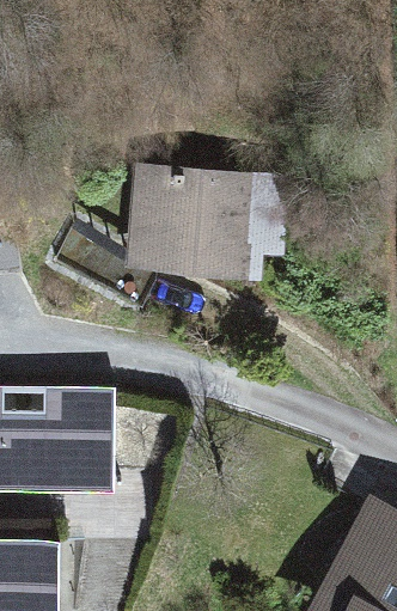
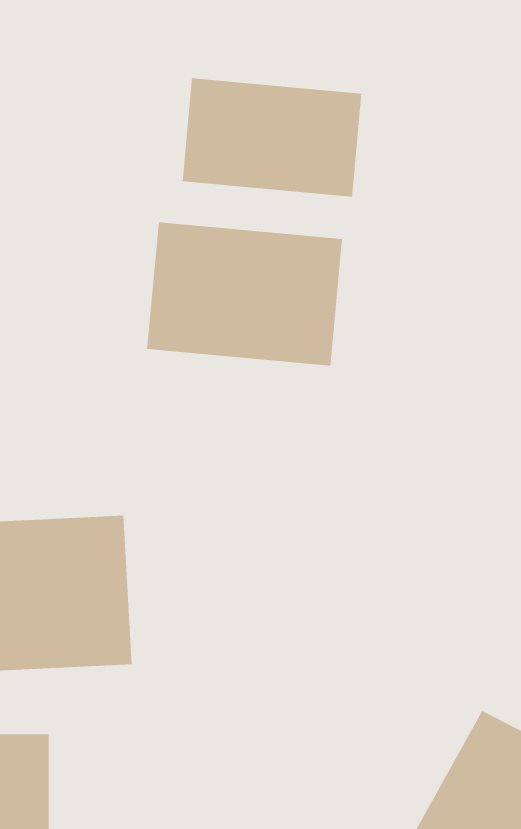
building: none -> [182,78,362,197]

